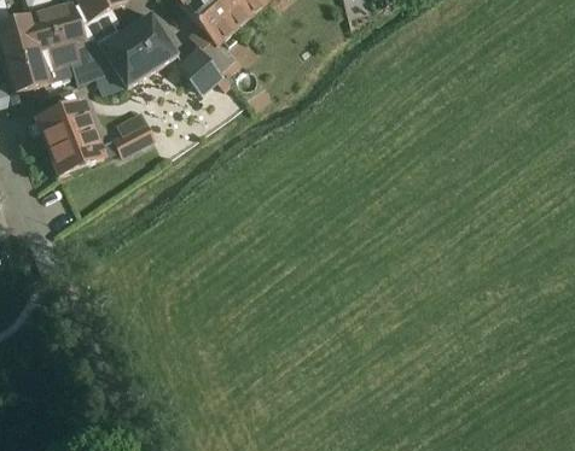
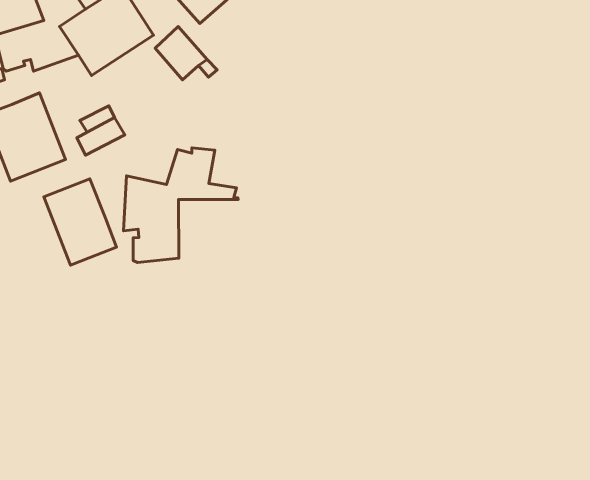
building: none -> [124,148,238,262]
building: none -> [44,179,116,265]

